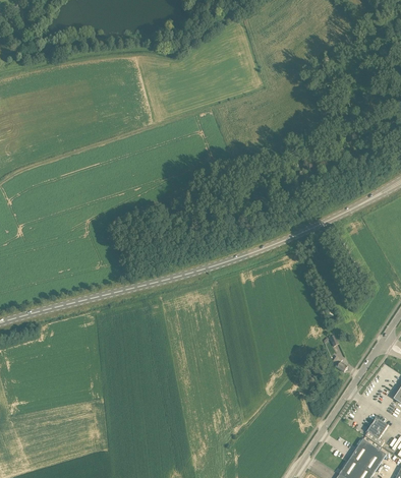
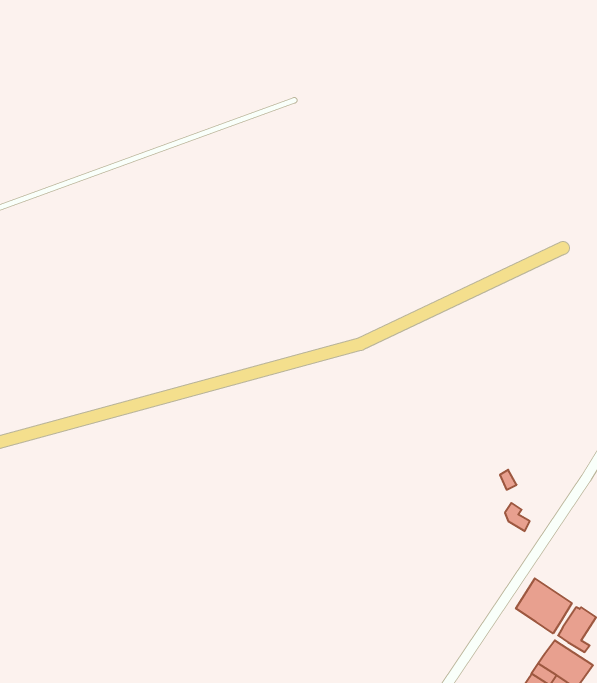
building: none -> [516,578,572,633]

